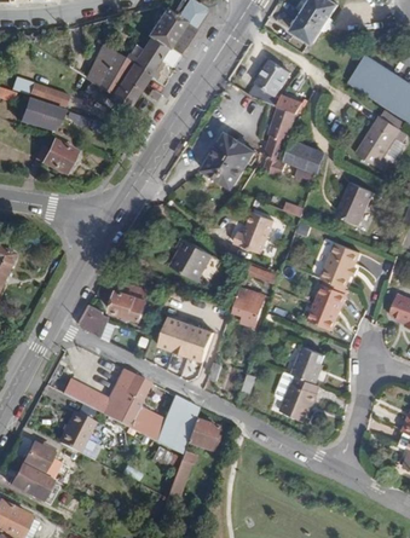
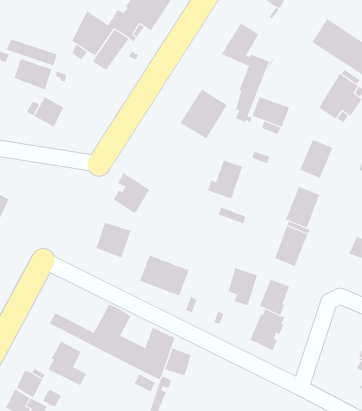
building: [174,236,215,282] -> [113,172,150,214]
building: [233,284,267,326] -> [227,268,258,306]
building: [77,302,108,336] -> none

